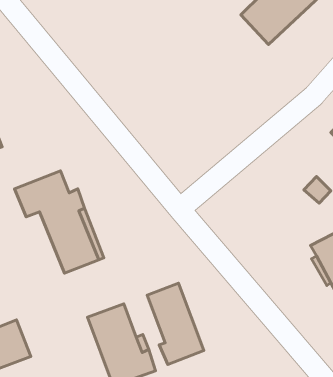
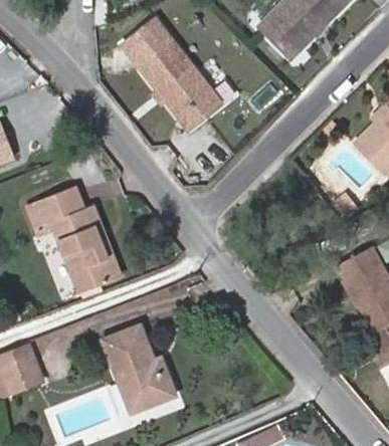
building: none -> [129,18,224,127]
building: [147,283,204,365] -> none

